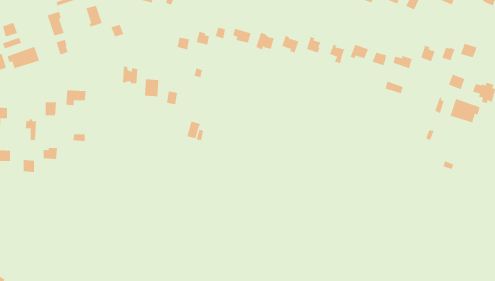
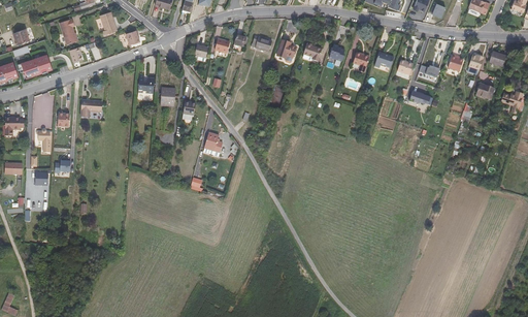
building: [450,98,480,123] -> none

